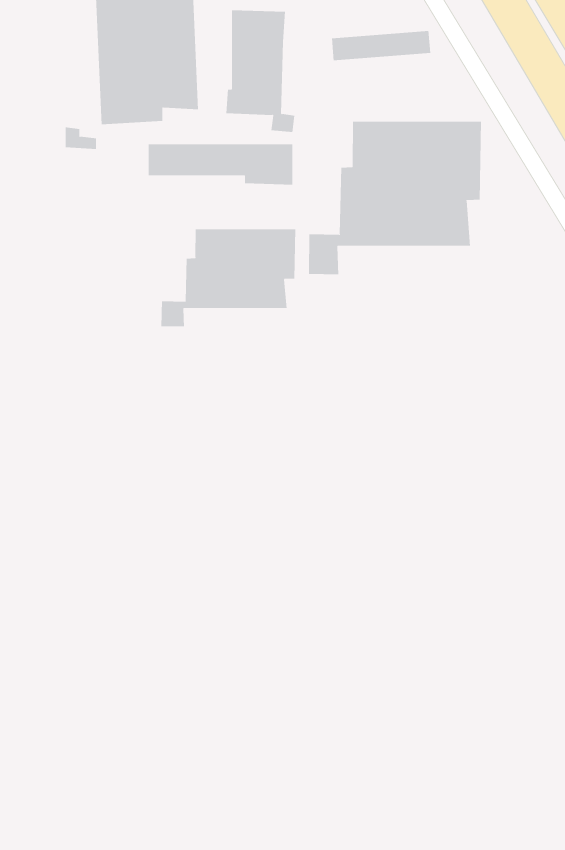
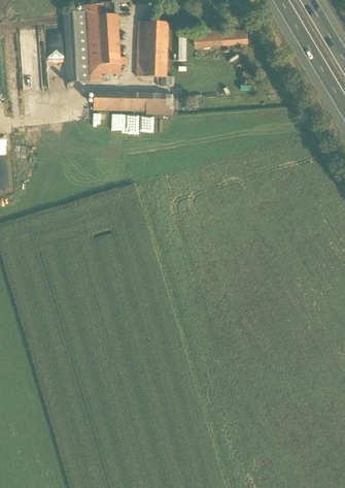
building: [308,121,481,275] -> none
building: [161,228,296,327] -> none

